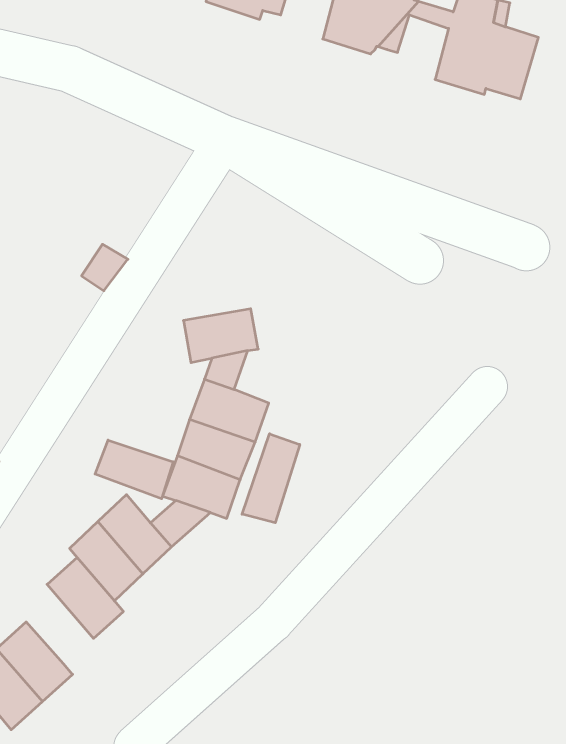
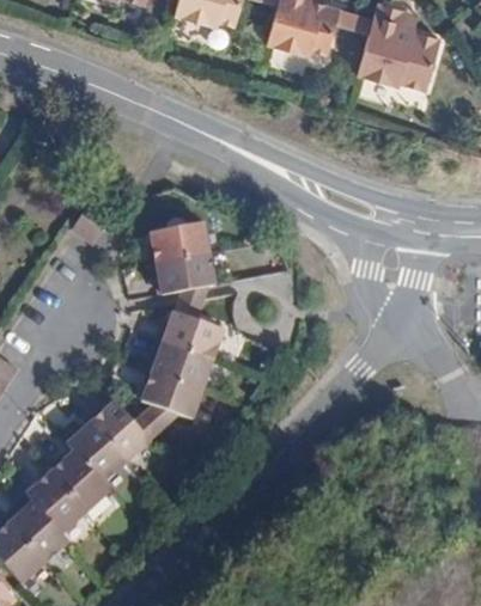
building: none -> [152,227,211,264]
building: [242,434,300,523] -> none
building: [95,440,173,499] -> none
building: none -> [24,475,85,538]

